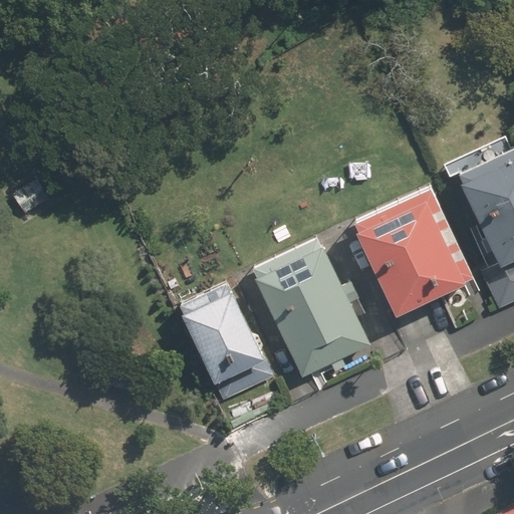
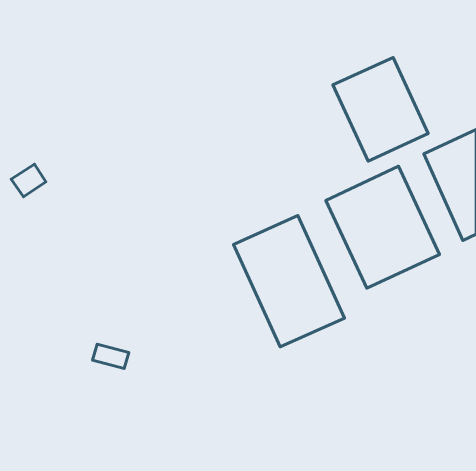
building: none -> [333,57,428,161]
building: [179,282,274,403] -> none

